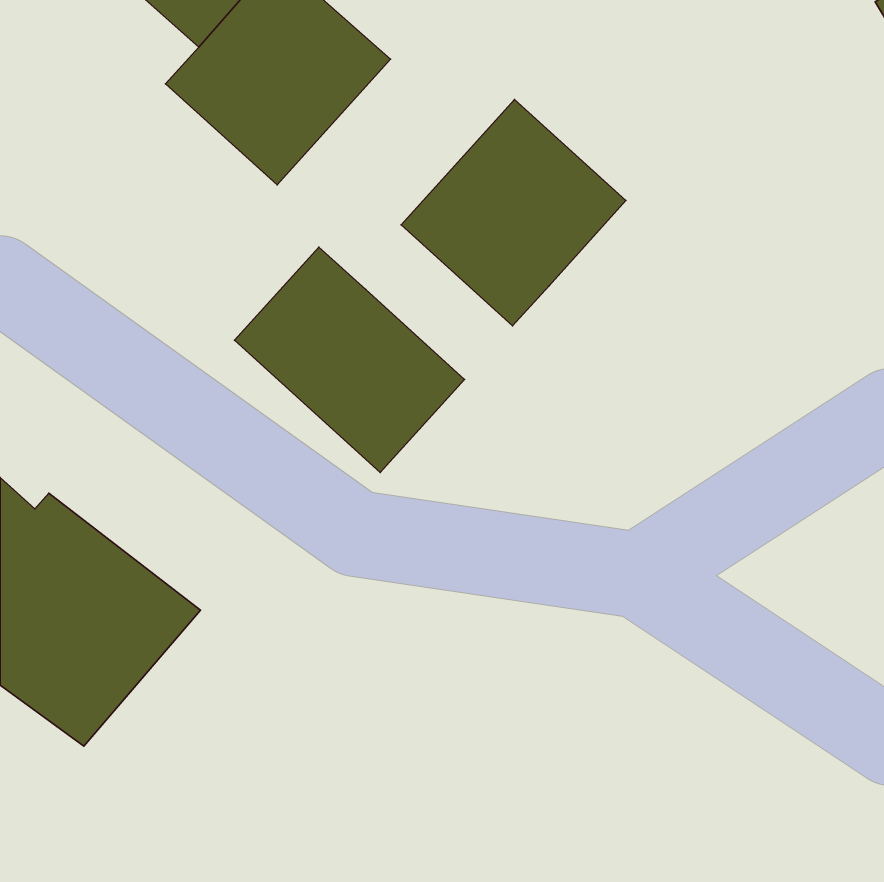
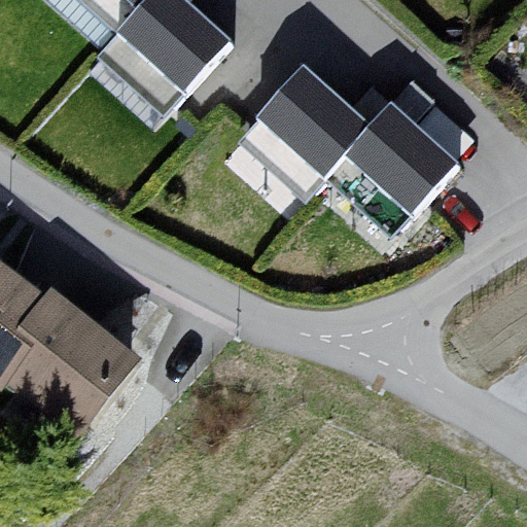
building: none -> [328,95,461,229]
building: [234,247,465,473] -> none

